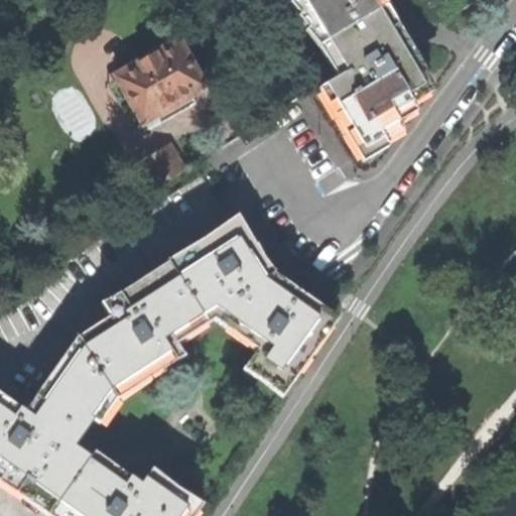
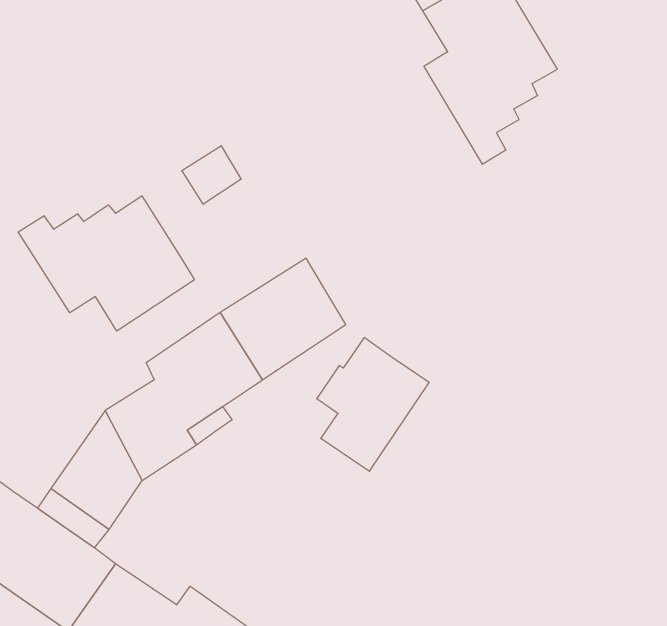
building: [116,30,207,116] -> none
building: none -> [18,196,194,331]
building: [212,272,279,329] -> none

